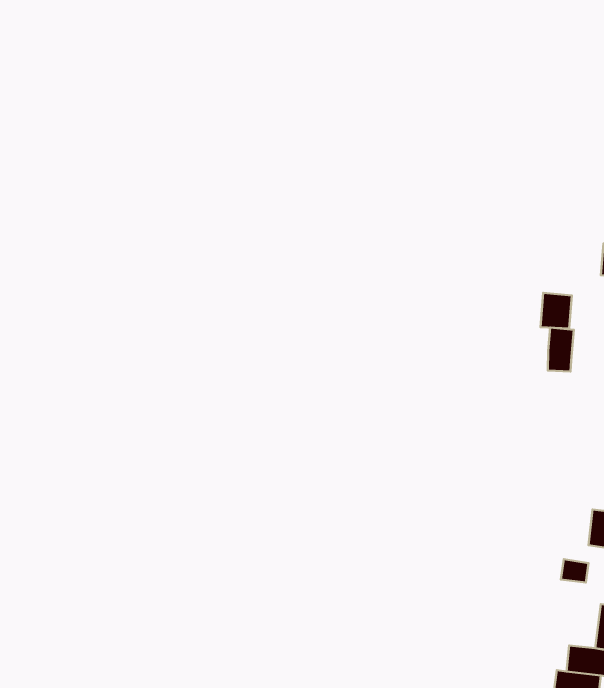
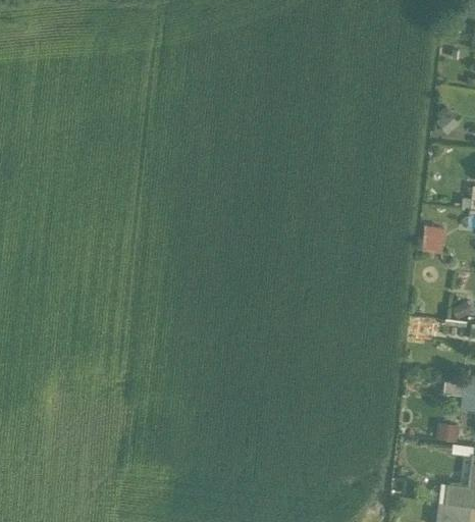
building: [548,328,574,371] -> none

